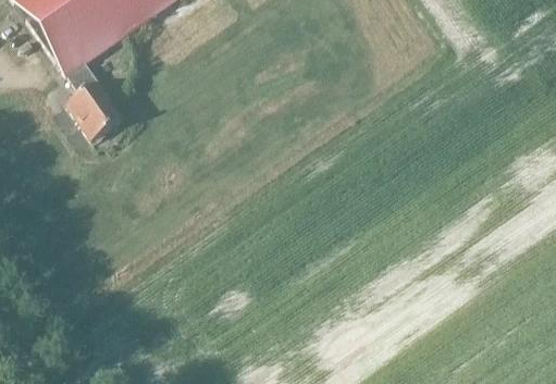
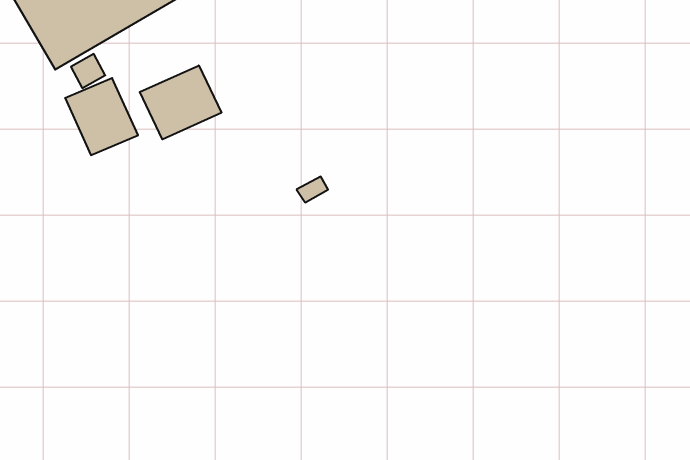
building: none -> [140,65,221,139]

